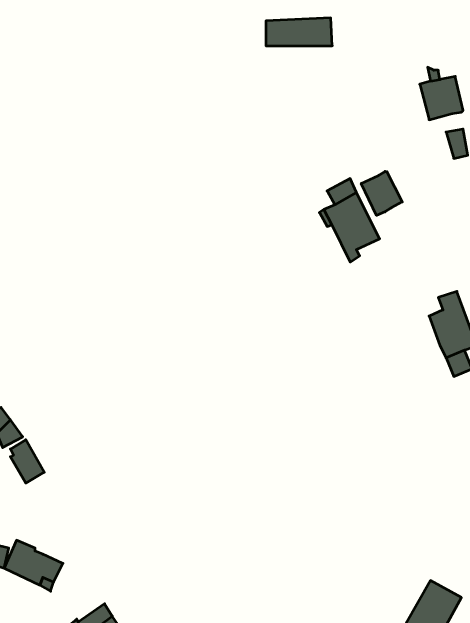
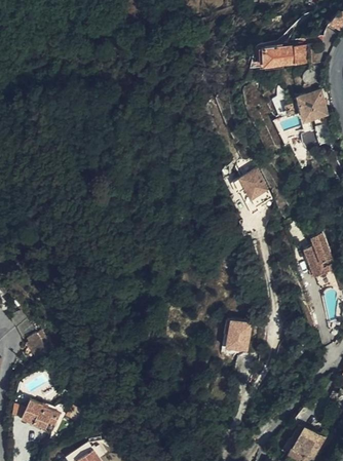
building: [266,18,332,46] -> [264,44,308,63]
building: [361,171,402,215] -> none
building: none -> [226,317,252,351]

